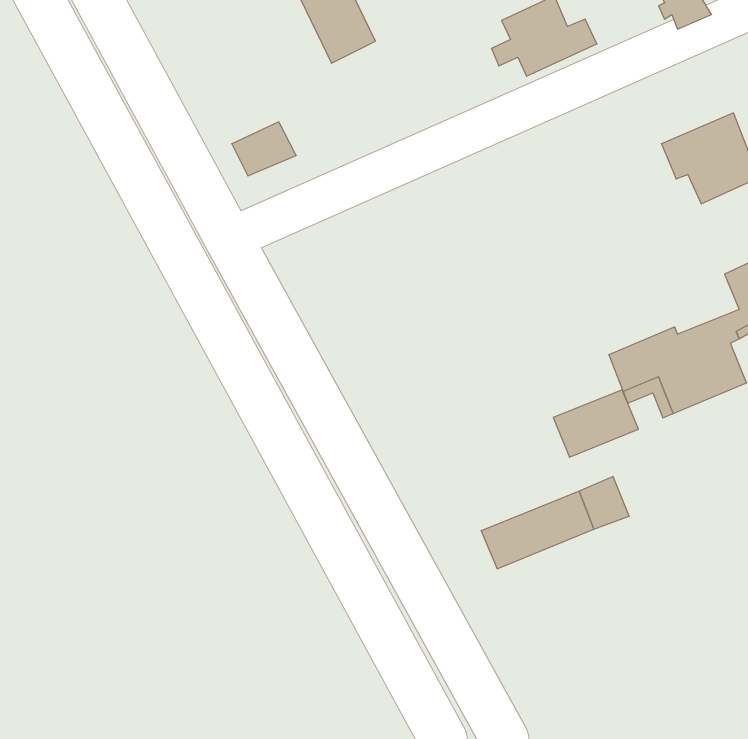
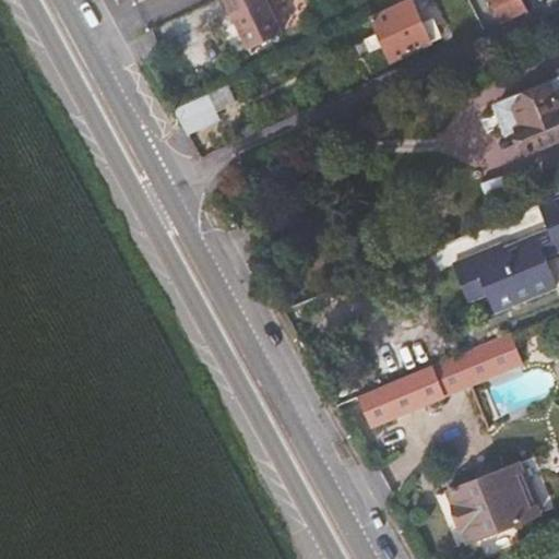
building: [553,390,638,457] -> [457,334,521,384]
building: none -> [449,466,537,544]

